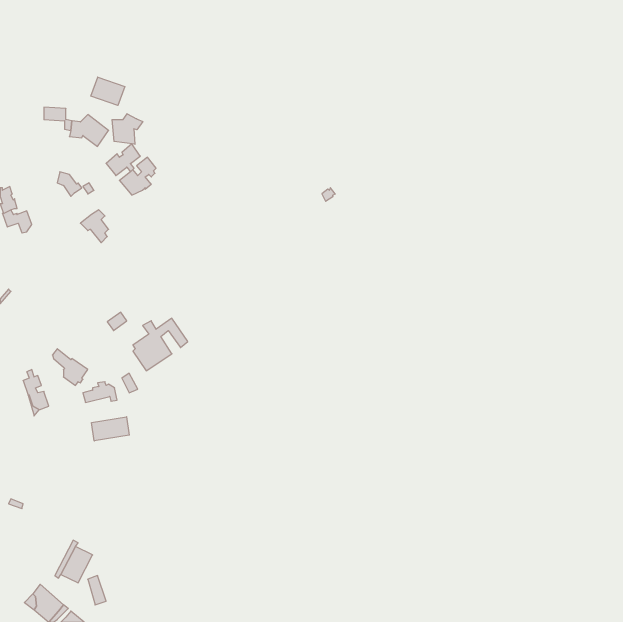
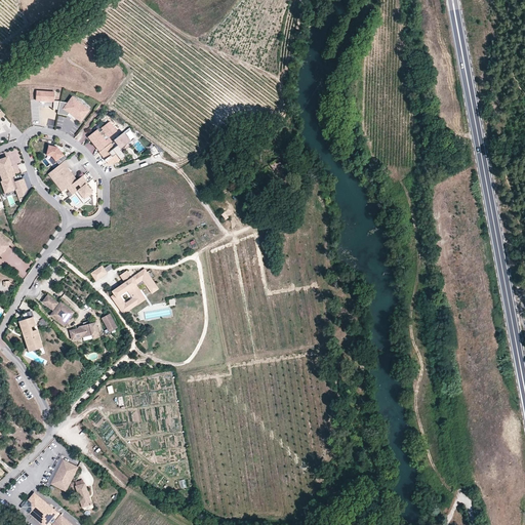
building: [91,77,125,105] -> none
building: [112,114,143,144] -> none
building: none -> [49,162,77,192]
building: [92,417,129,441] -> none

